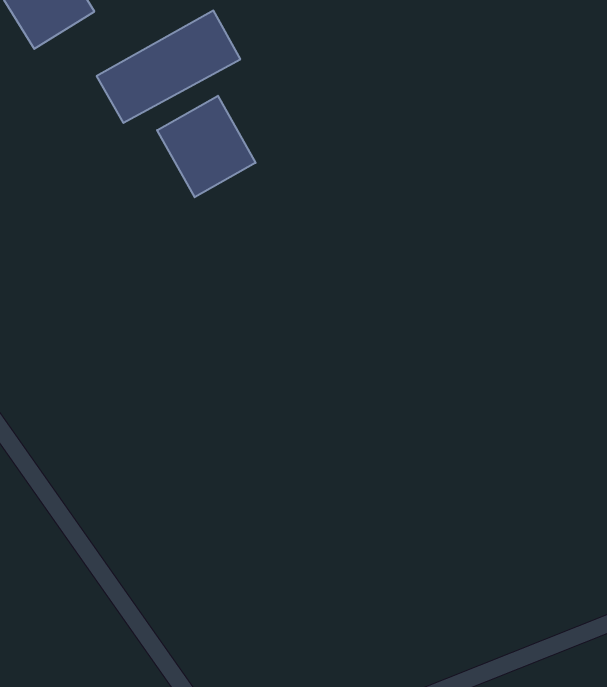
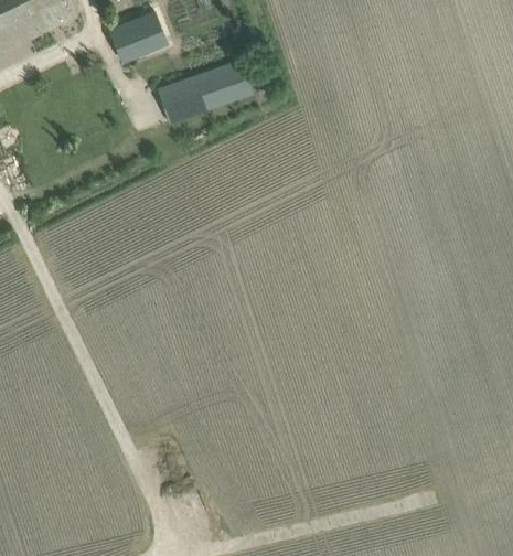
building: [157,96,256,197] -> none

